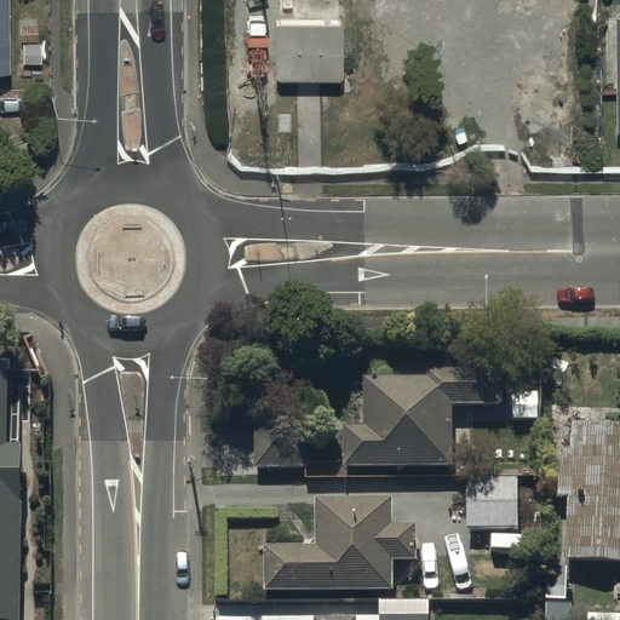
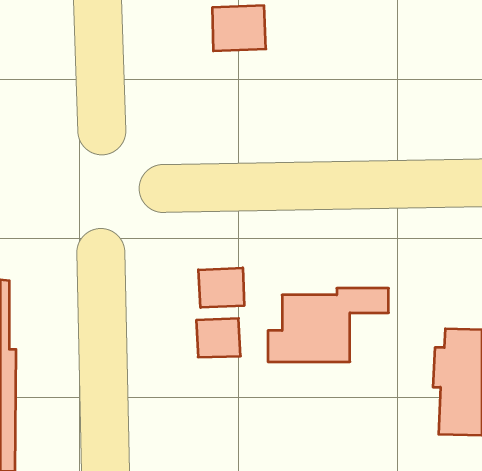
building: none -> [198,268,244,308]
building: [466,475,515,527] -> none
building: [262,498,415,591] -> none

